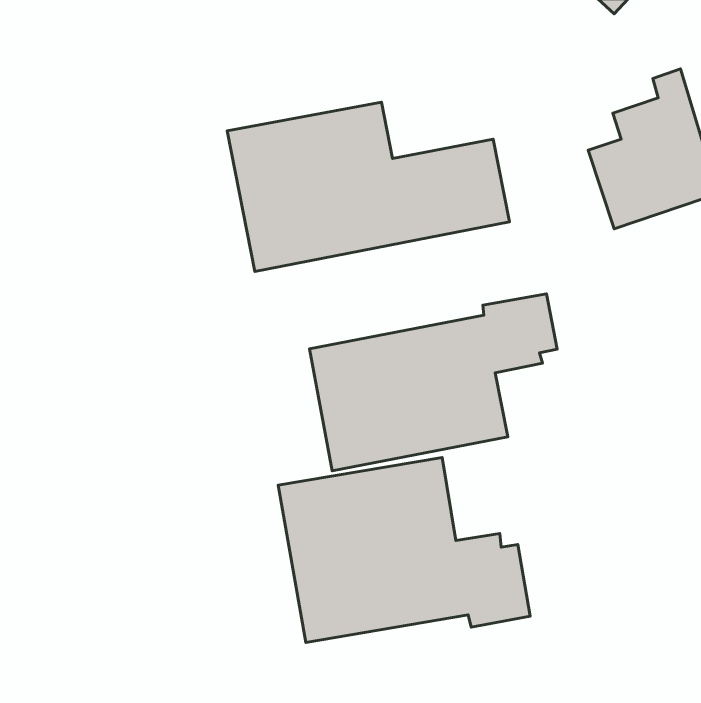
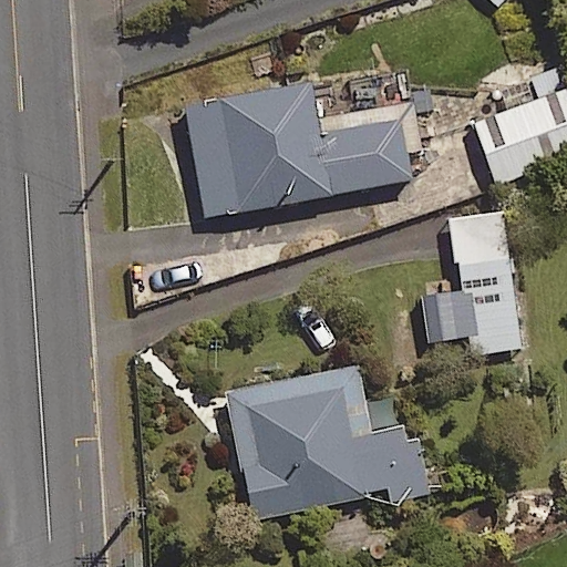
building: none -> [424,210,523,352]
building: [310,294,557,471] -> none

